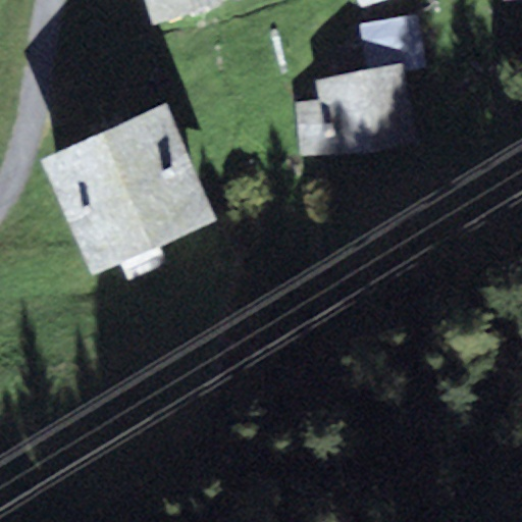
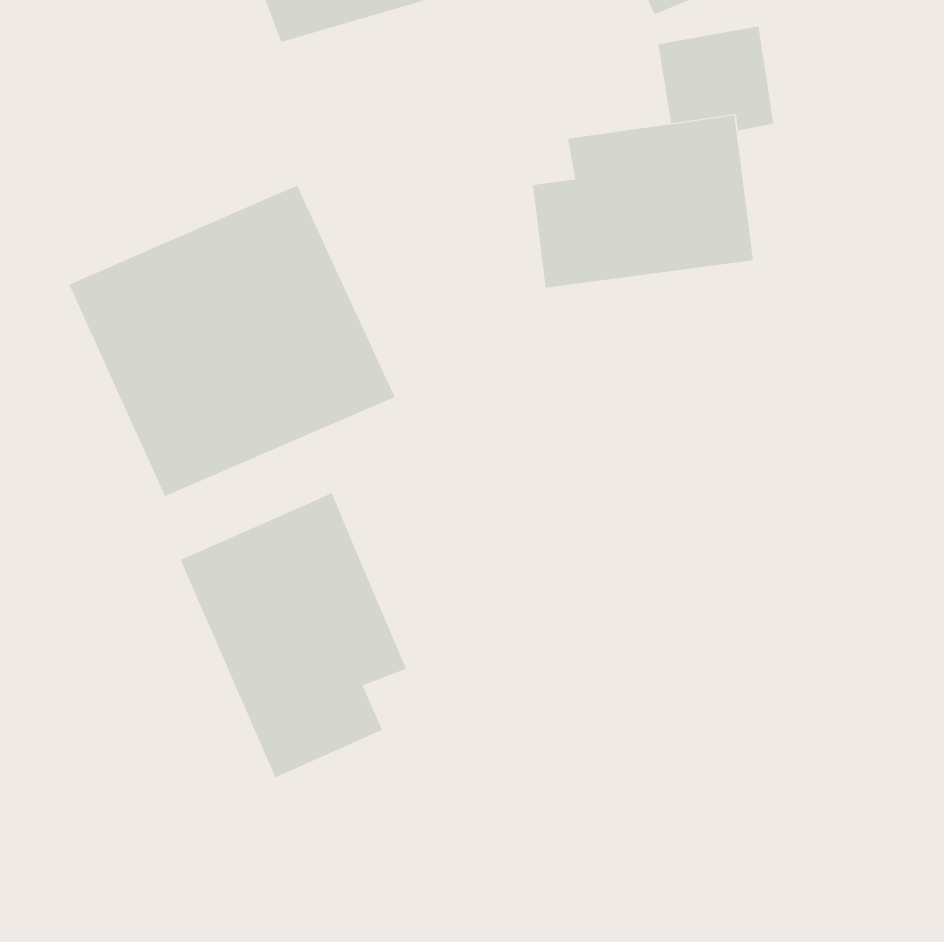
building: none -> [180,492,407,778]

